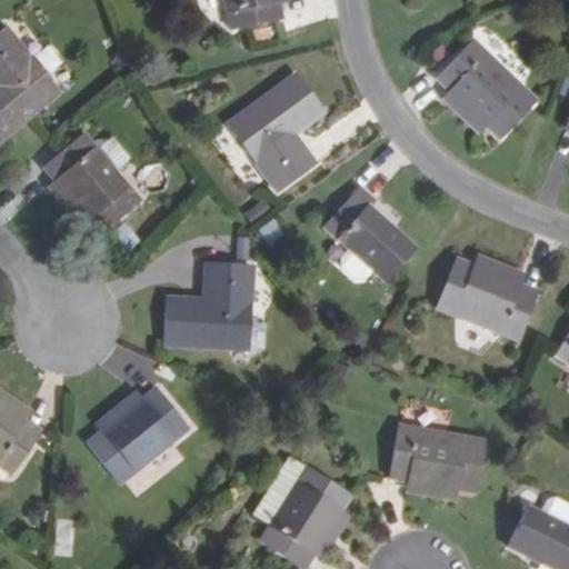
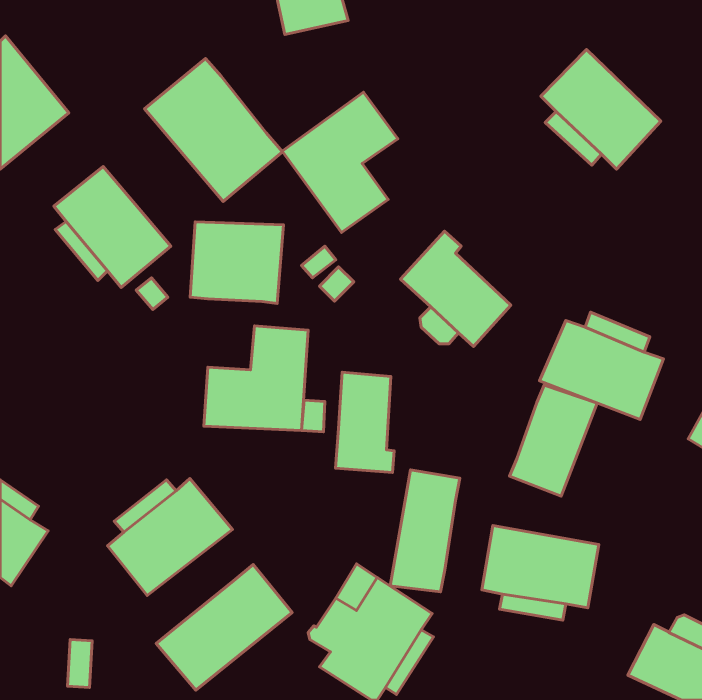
building: none -> [145,58,283,201]
building: none -> [190,222,283,304]
building: none -> [335,372,394,472]
building: none -> [510,385,597,496]
building: none -> [390,470,460,592]
building: none -> [156,565,292,690]

